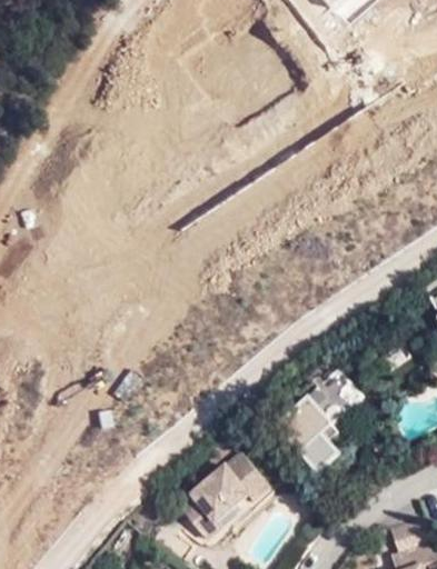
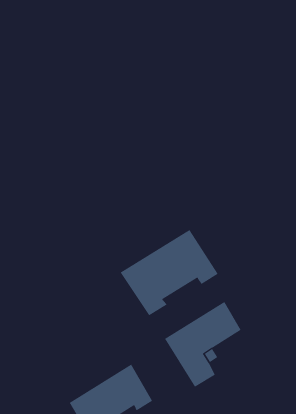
building: none -> [120,229,219,316]

